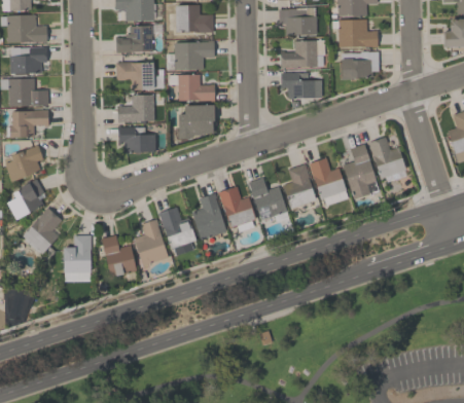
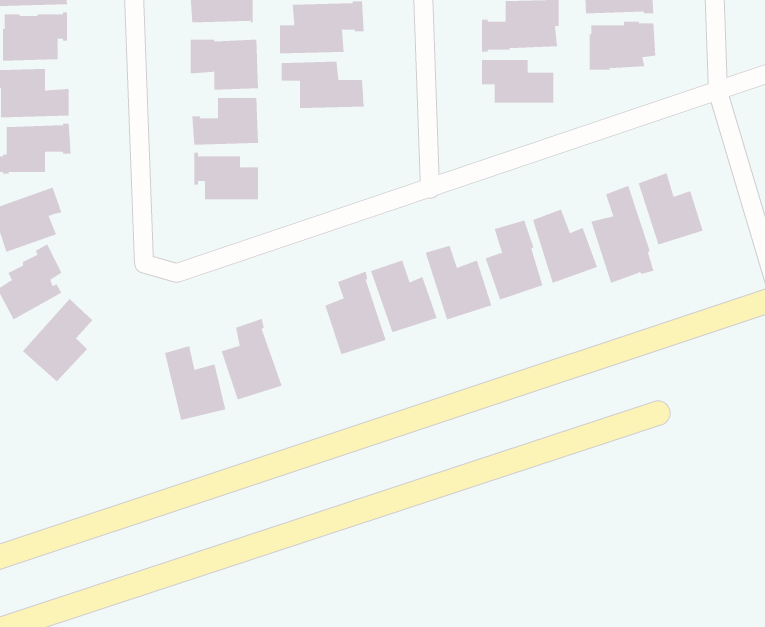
building: [179,105,215,138] -> none
building: [158,207,195,255] -> none
building: [64,235,92,272] -> none

